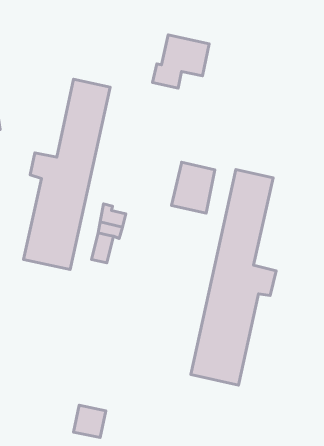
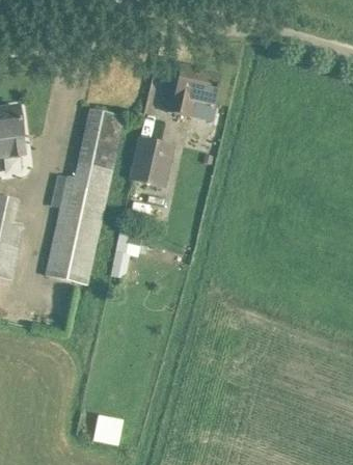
building: [172,162,215,213] -> [128,139,168,187]
building: [191,169,276,385] -> none

